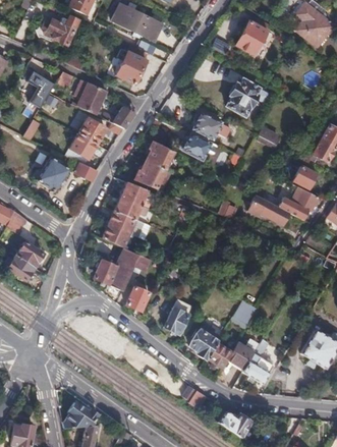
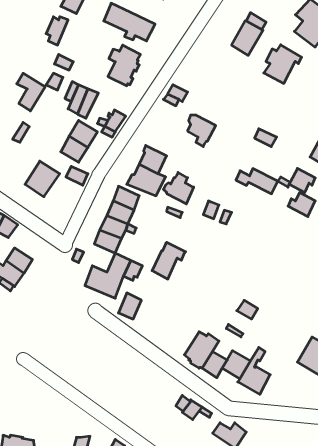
building: [226,78,263,116] -> [264,45,302,83]
building: [180,129,210,160] -> [163,172,194,204]
building: [248,201,289,225] -> [236,169,278,194]
building: [164,299,196,335] -> [152,242,186,279]
building: [64,402,98,429] -> none

